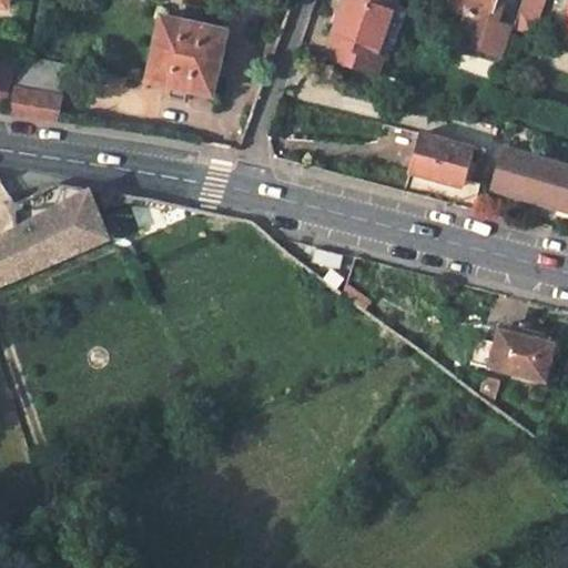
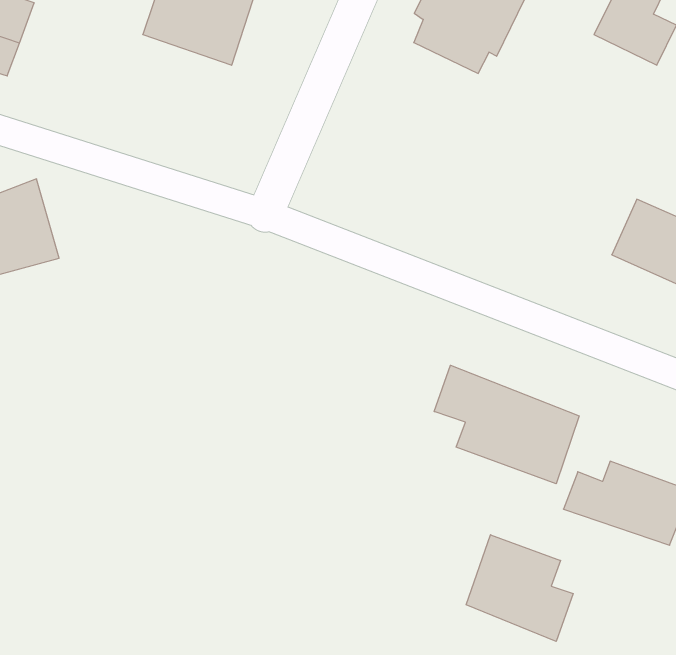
building: [407,131,469,184] -> none
building: none -> [434,365,579,484]
building: none -> [466,535,573,641]

